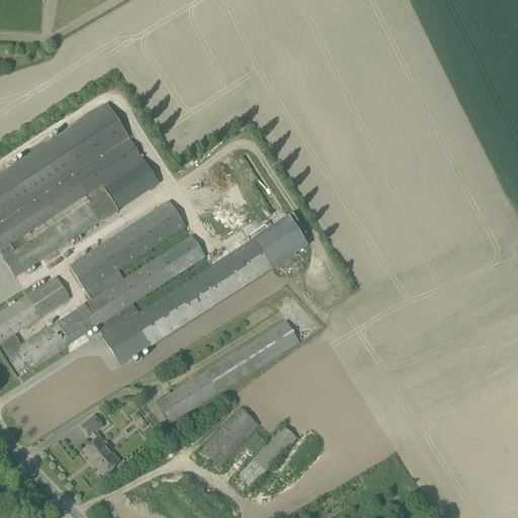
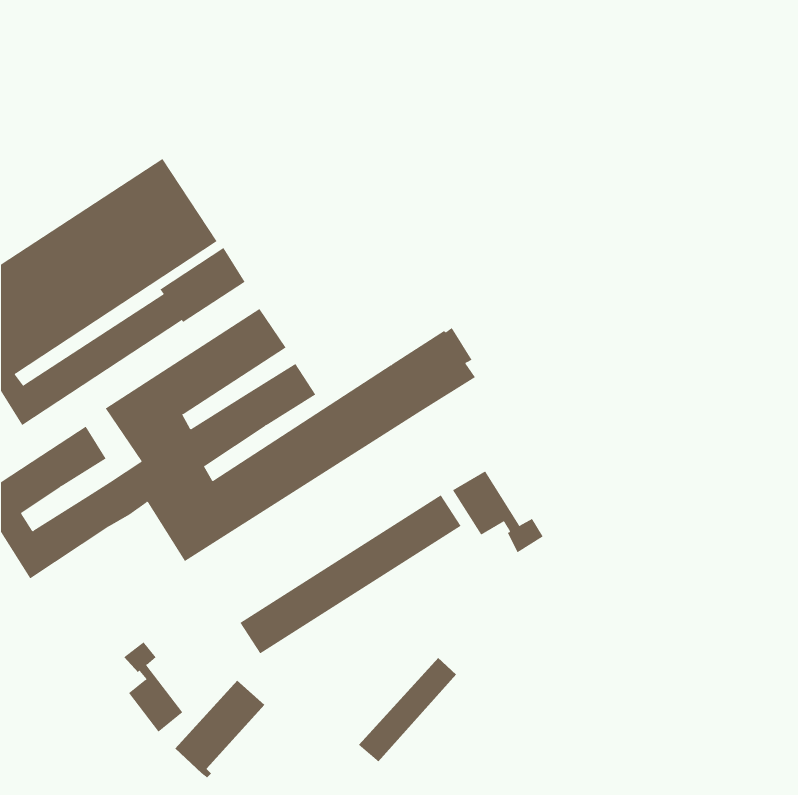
building: none -> [452,470,543,553]
building: [200,407,259,470] -> [174,680,265,778]

